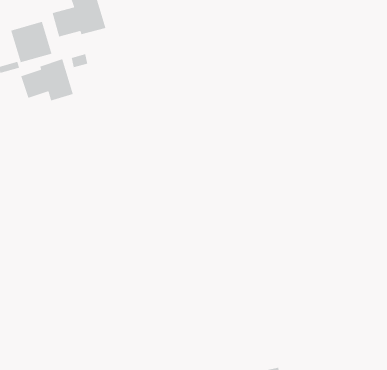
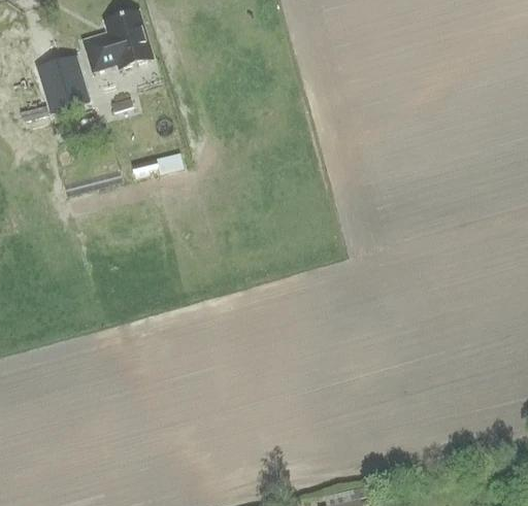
building: [20,58,74,102] -> none

